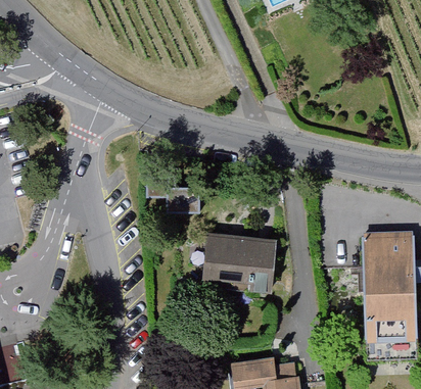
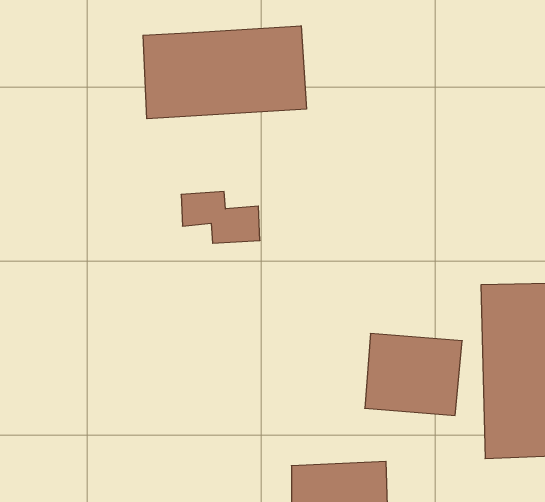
building: none -> [143,26,306,119]
building: [206,232,276,290] -> [365,334,462,415]

